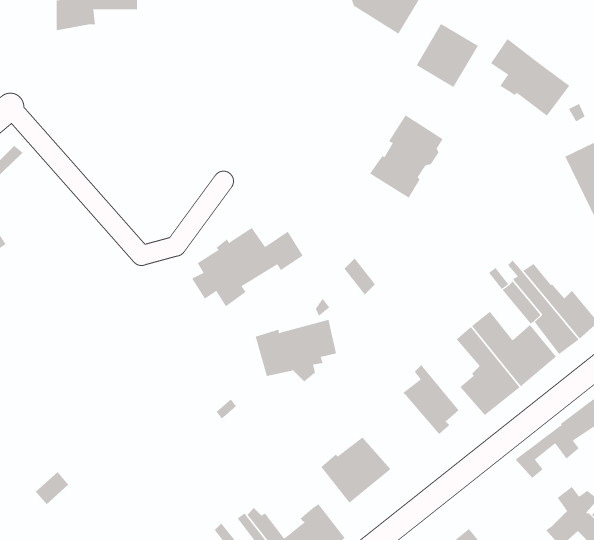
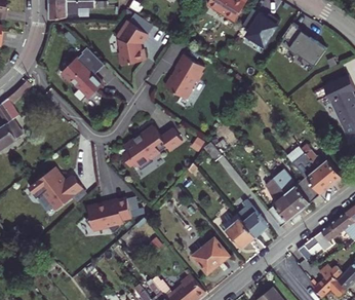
building: none -> [117,22,148,66]
building: none -> [62,47,105,99]
building: [369,115,443,198] -> [164,54,204,100]
building: none -> [29,170,82,210]
building: [255,319,337,382] -> [87,199,131,233]
building: none -> [223,216,255,249]

